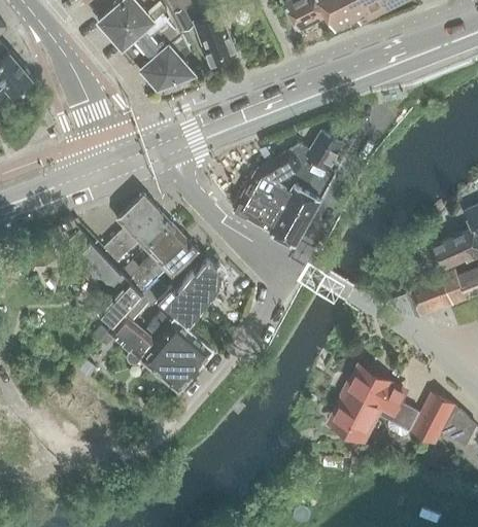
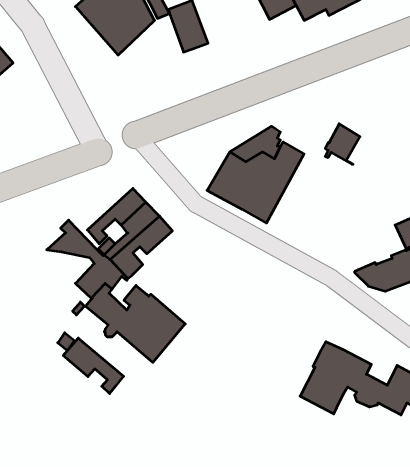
building: [141,34,192,86] -> none
building: [307,131,343,173] -> [325,124,360,164]
building: [103,195,157,252] -> none
building: [156,260,220,324] -> none
building: none -> [63,338,124,394]

